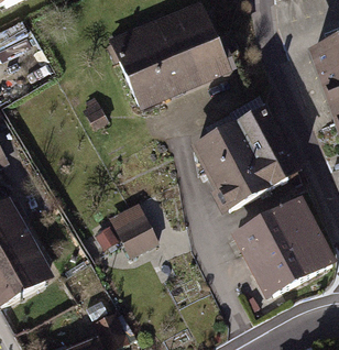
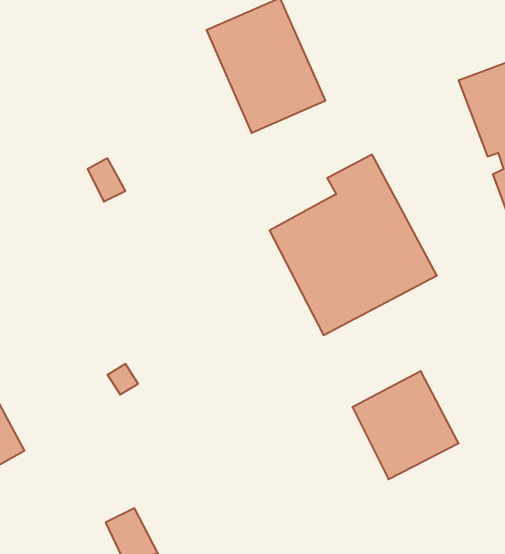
building: [111,22,184,105] -> none
building: [234,198,333,274] -> none
building: [110,204,157,254] -> none

